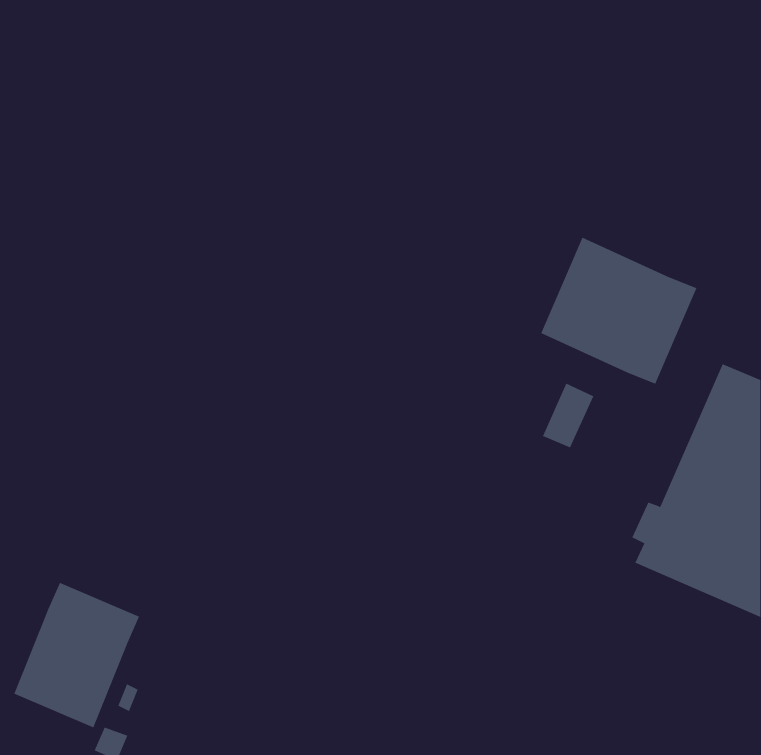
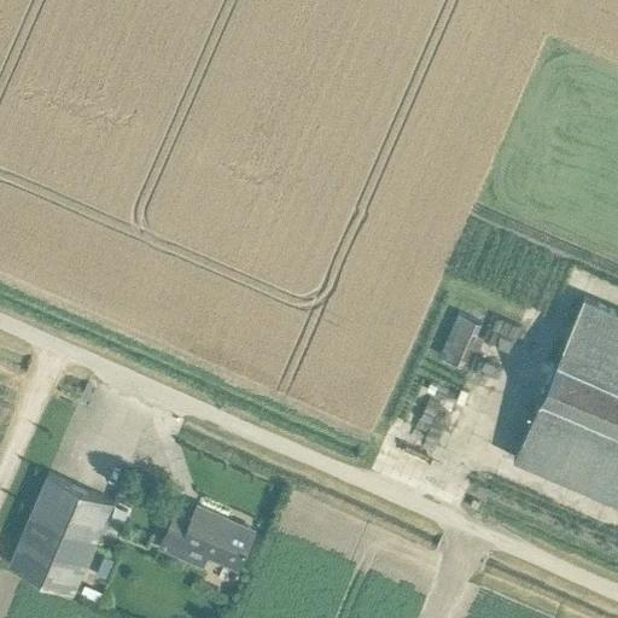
building: [540,237,697,385] -> none
building: none -> [162,509,255,572]

